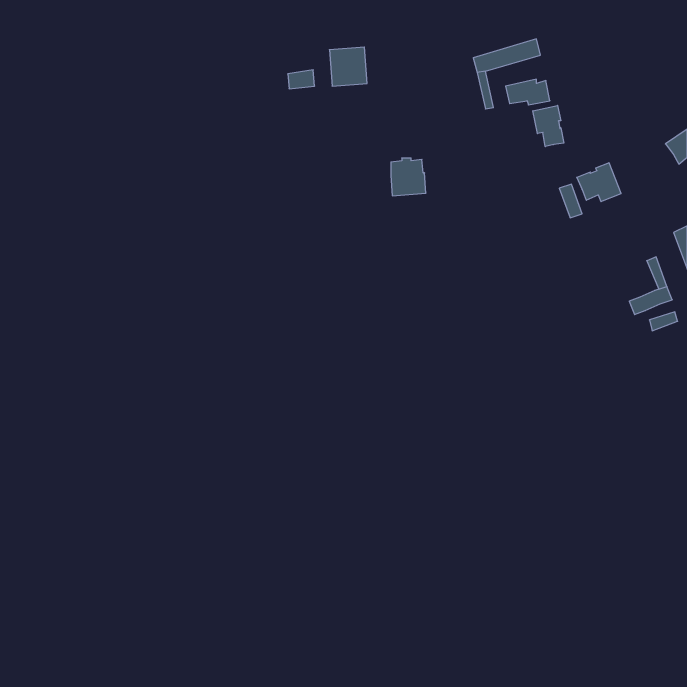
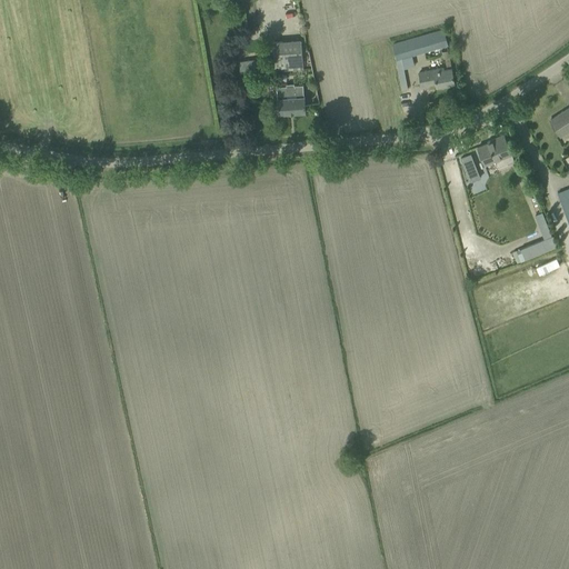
building: [533,105,564,147] -> none
building: [391,158,426,196] -> [277,83,306,114]

